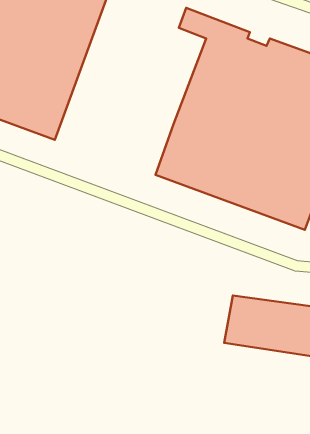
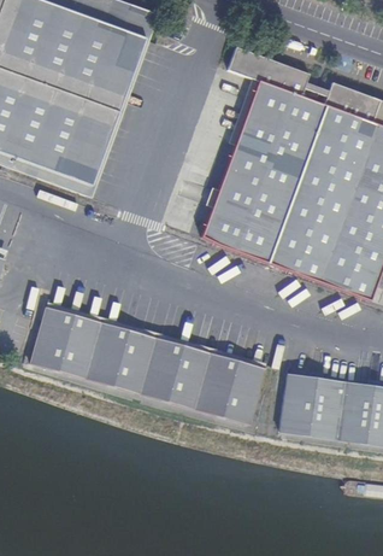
building: none -> [33,308,264,423]

